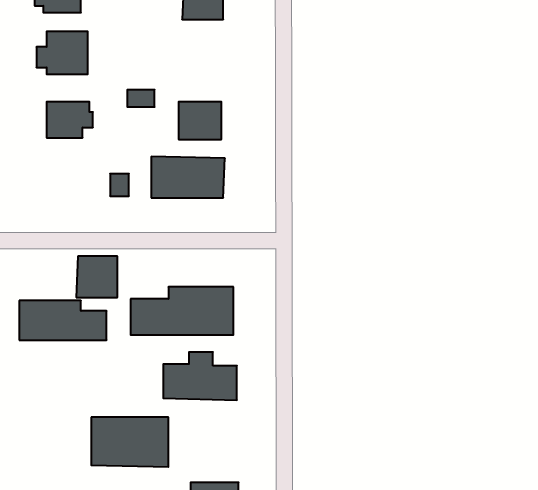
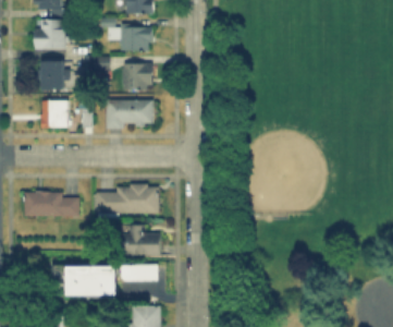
building: none -> [109,25,150,51]
building: [76,256,117,297] -> [42,102,69,129]
building: none -> [124,264,158,281]

